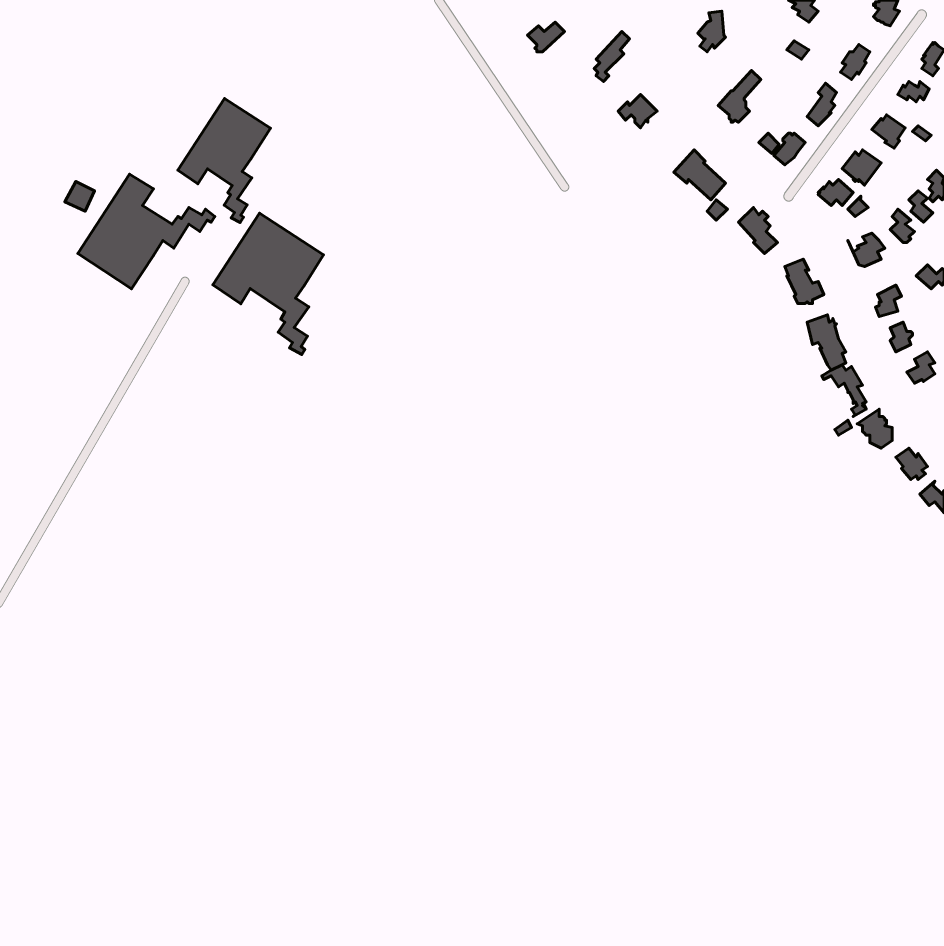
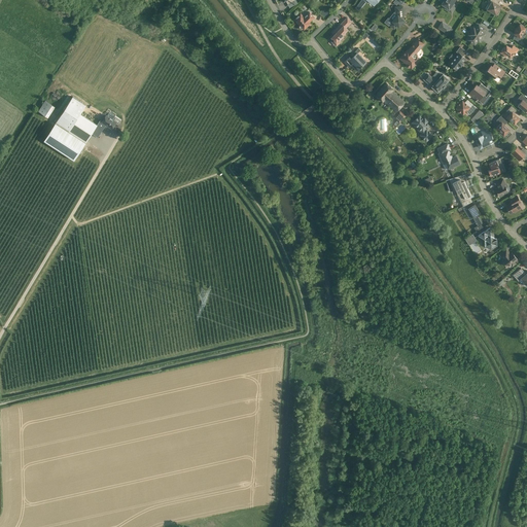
building: [178,98,271,222] -> none
building: [213,213,324,354] -> none

